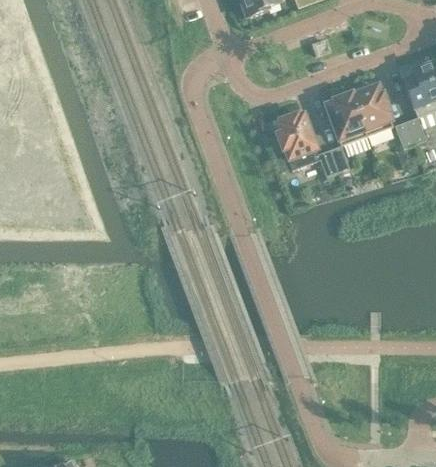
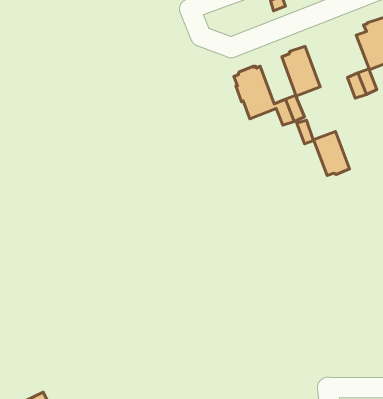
building: [350,83,393,134] -> none
building: none -> [297,120,349,176]

